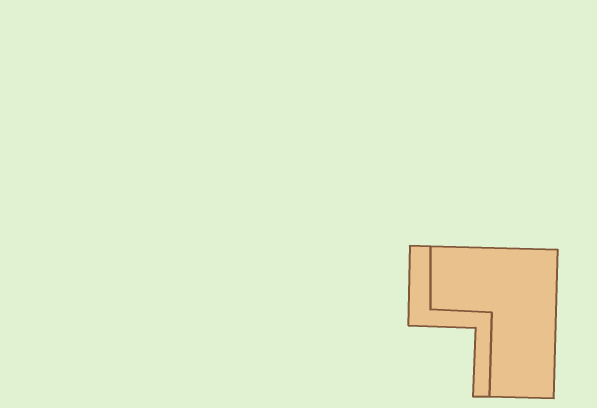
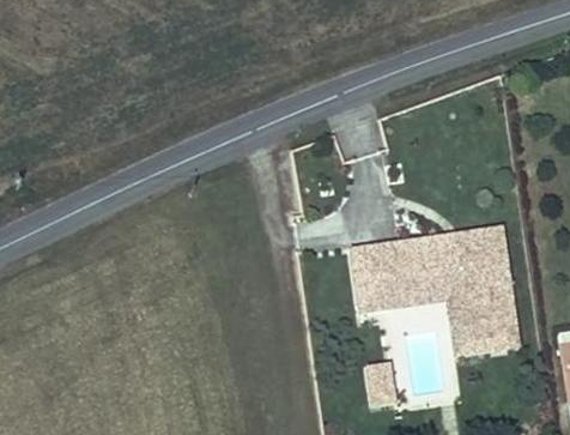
building: none -> [347,242,395,312]

